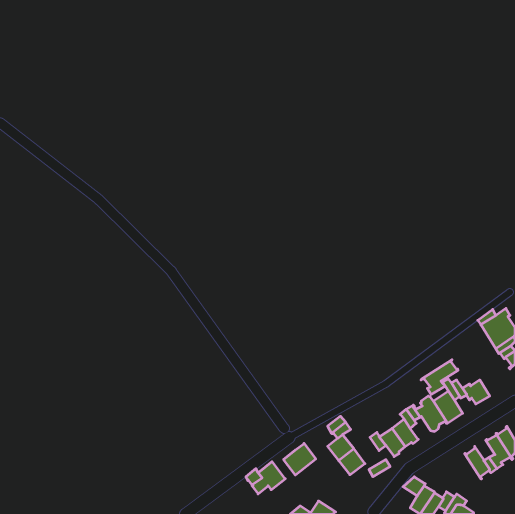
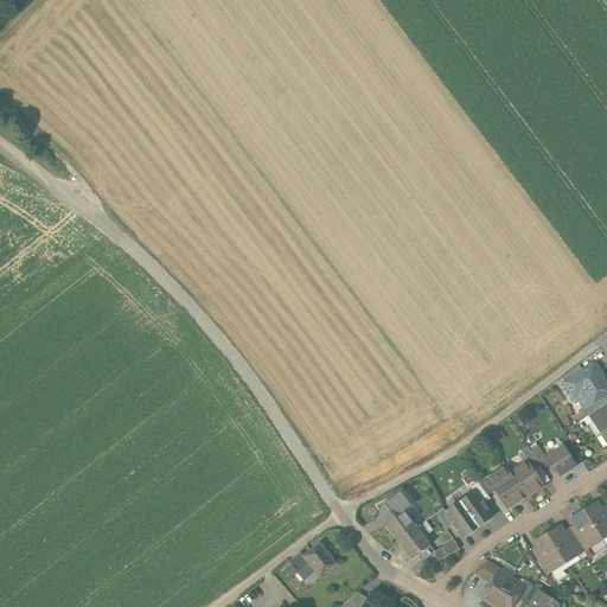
building: [421,360,458,394] -> none
building: [284,443,316,475] -> none
building: none -> [535,533,566,575]

